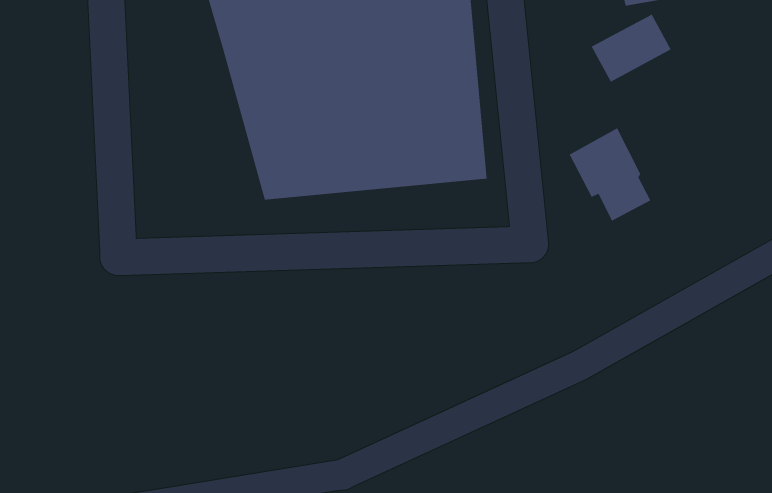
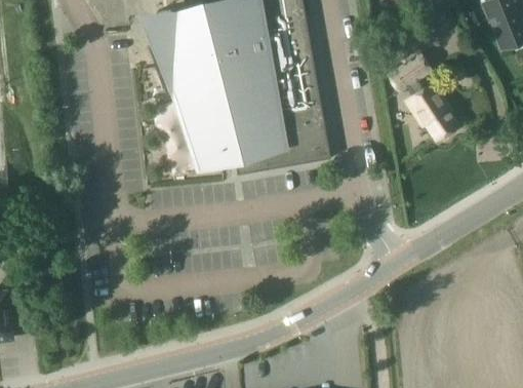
building: [569,127,651,221] -> [406,83,457,140]

